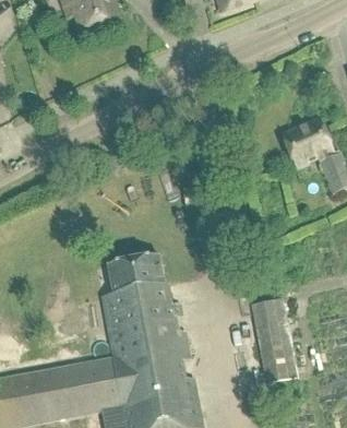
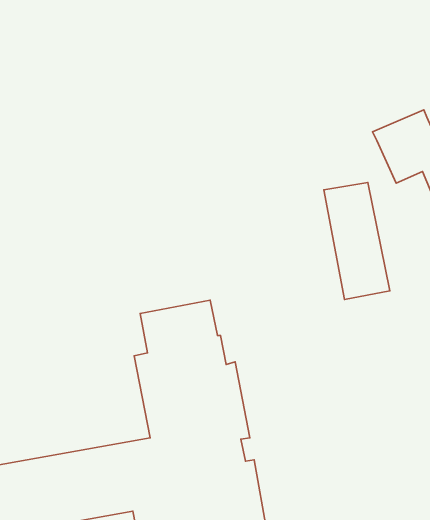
building: [250,296,299,383] -> [324,182,390,300]

